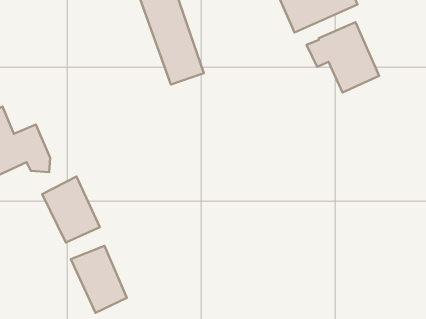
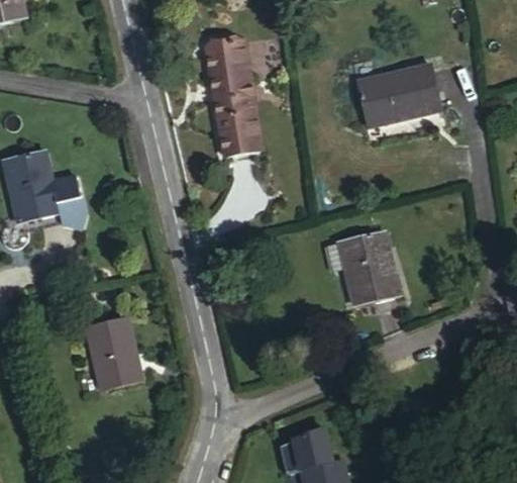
building: [307,22,379,93] -> [326,231,398,304]
building: [42,176,100,242] -> none

